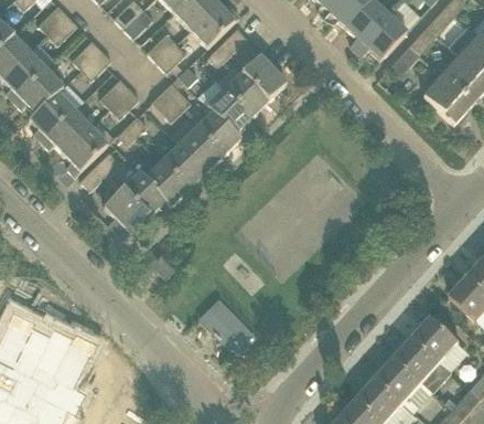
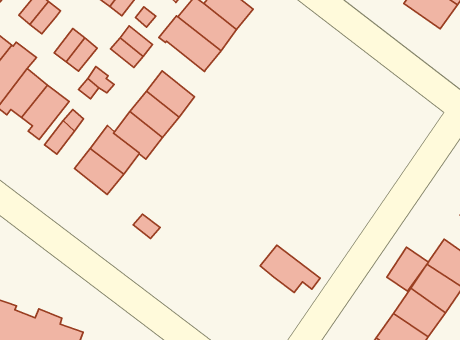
building: [186,100,240,155] -> none
building: [201,300,254,346] -> [260,245,320,293]
building: none -> [387,247,428,291]

